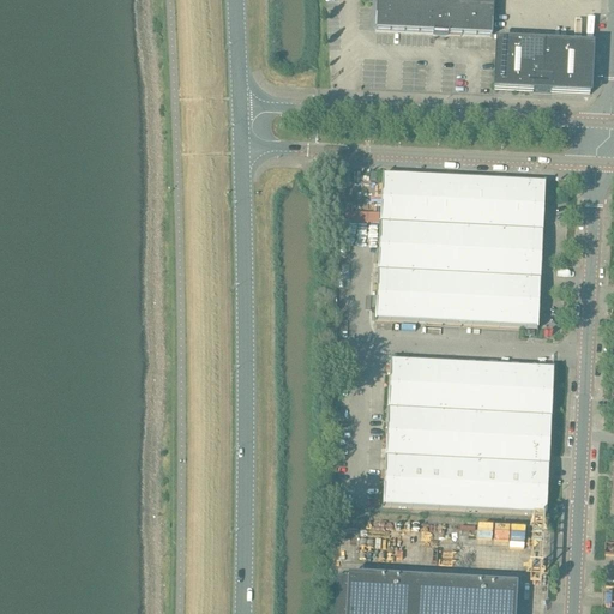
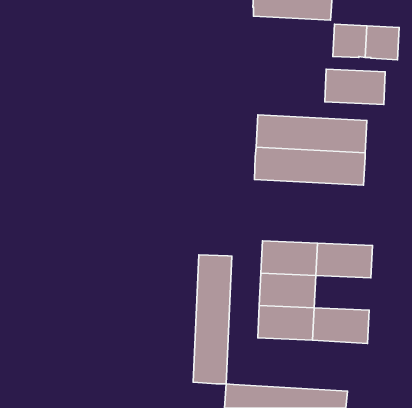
building: none -> [325,69,385,105]
building: [375,266,541,324] -> none
building: none -> [193,255,232,384]
building: [468,409,552,460] -> none

